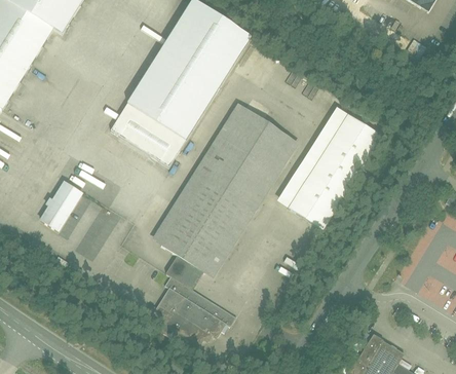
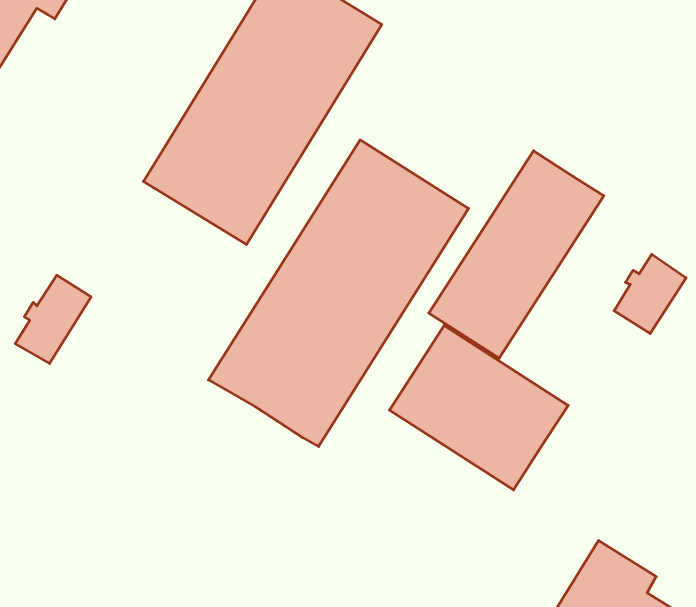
building: none -> [614,254,686,334]
building: none -> [389,325,568,490]
building: [151,255,236,346] -> none

